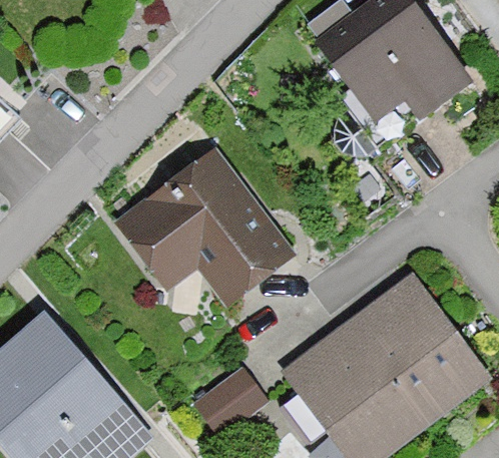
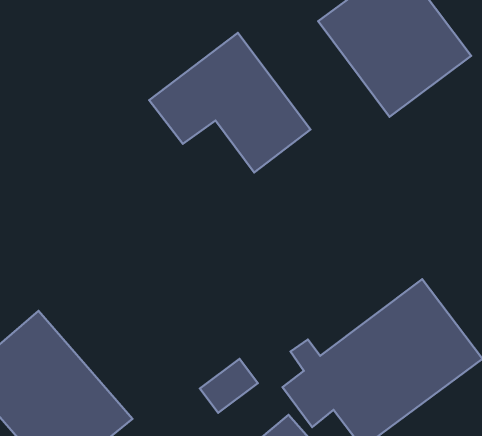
building: [126,154,285,292] -> [149,33,310,172]

